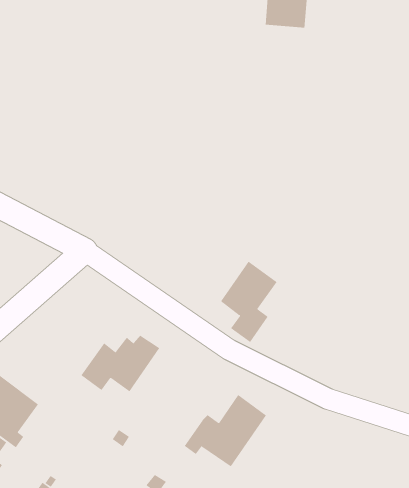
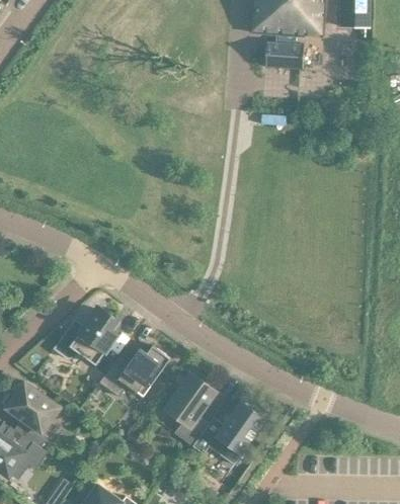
building: [220,261,277,343] -> [163,371,215,445]
building: none -> [51,309,115,370]

